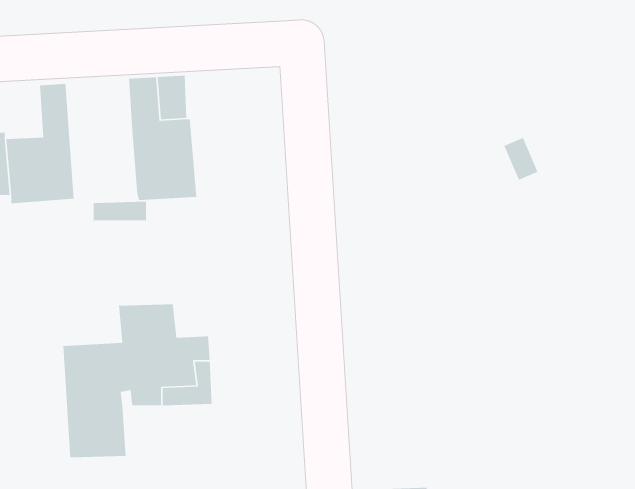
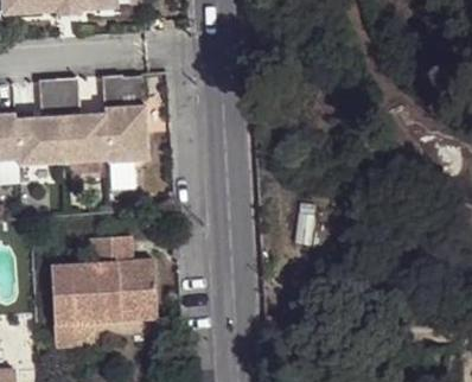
building: none -> [52,81,102,164]

